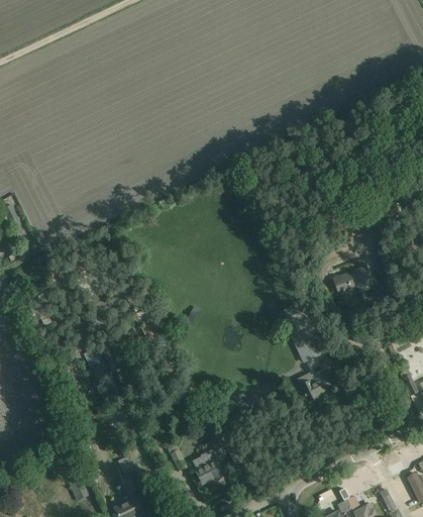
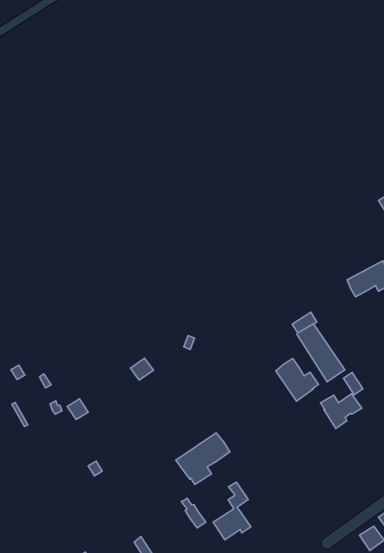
building: none -> [276,359,318,401]
building: none -> [176,433,230,485]

